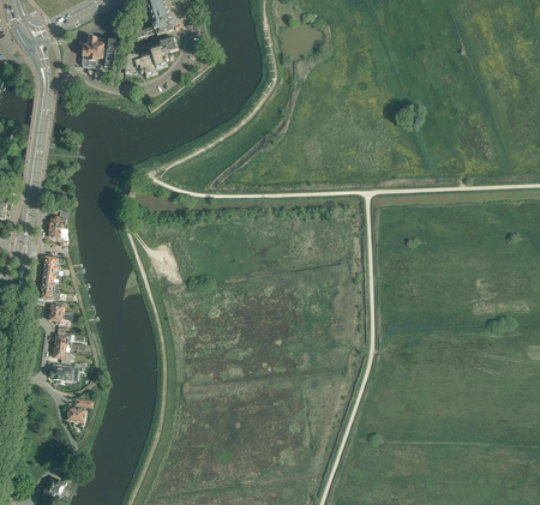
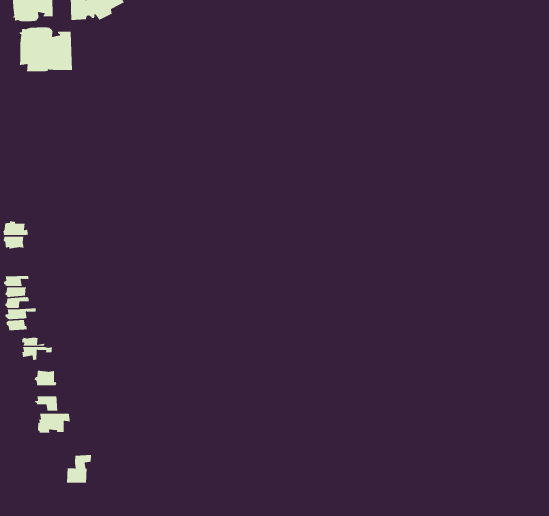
building: none -> [19,27,73,72]

